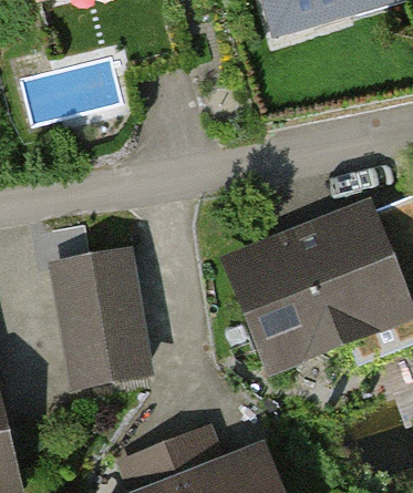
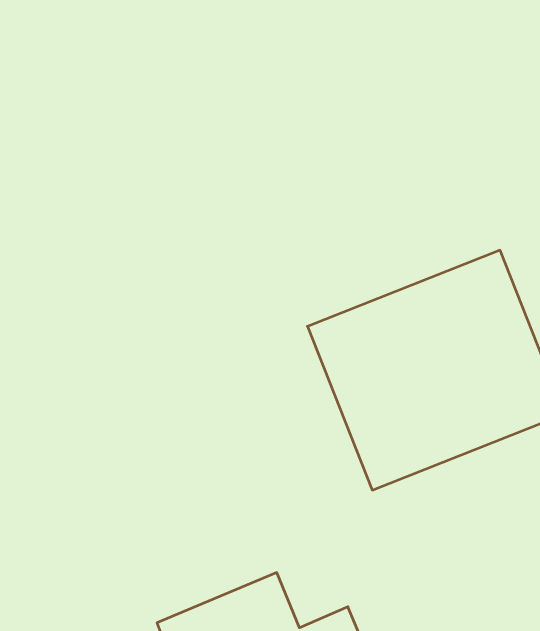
building: [51,254,146,384] -> none

